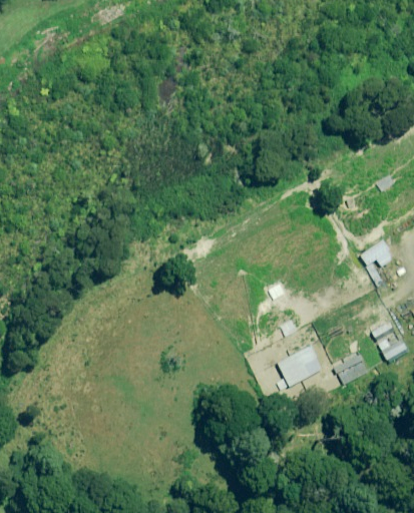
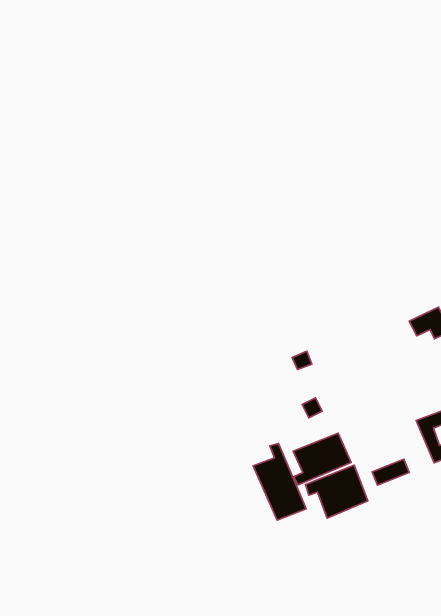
building: none -> [253,444,306,520]
building: none -> [305,465,368,518]

